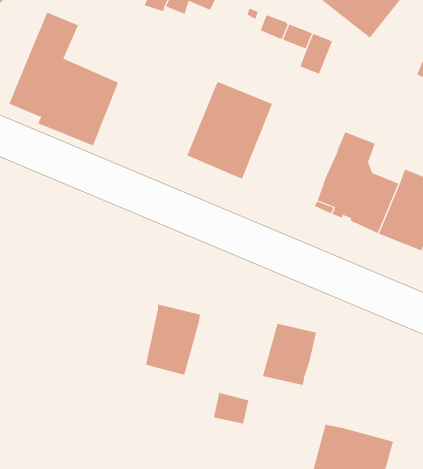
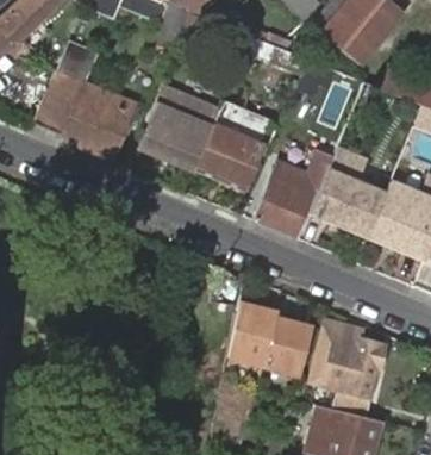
building: none -> [140,87,219,168]
building: none -> [255,160,330,236]
building: [145,304,201,376] -> [227,301,277,366]
building: none -> [312,319,386,416]

